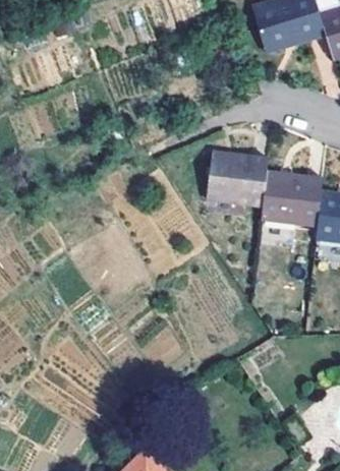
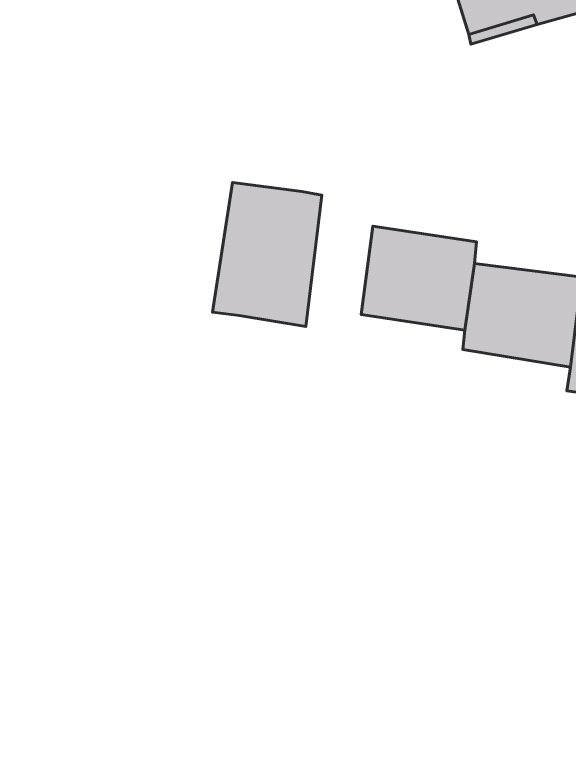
building: none -> [213,182,322,326]

